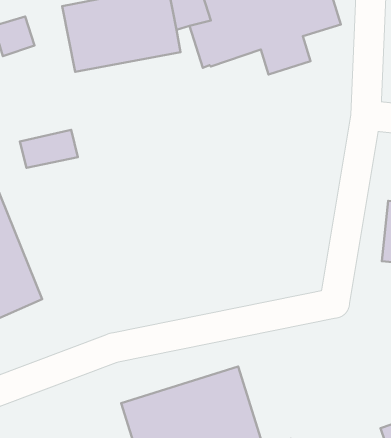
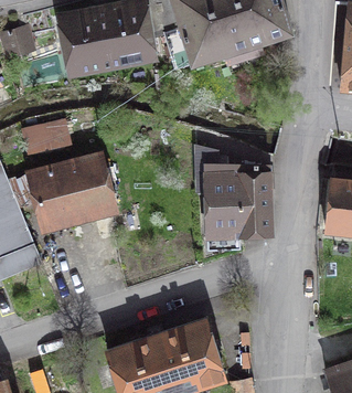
building: none -> [195,145,271,236]
building: none -> [31,156,113,225]

